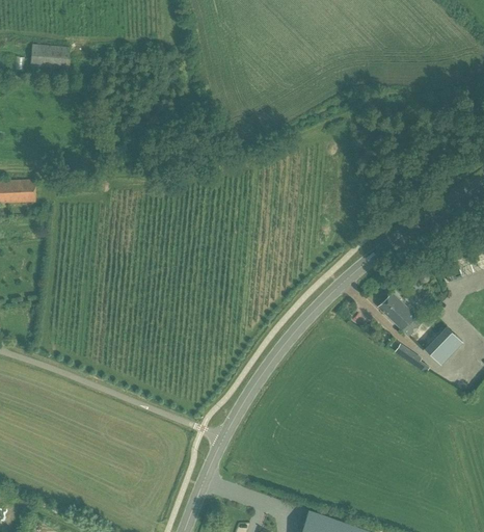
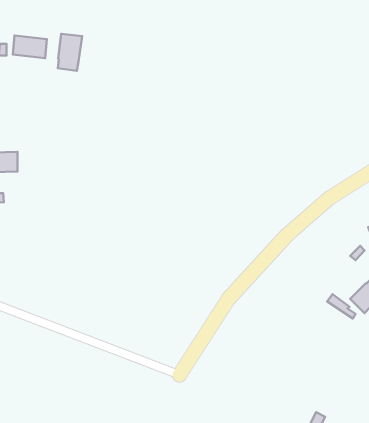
building: none -> [58,34,82,71]
building: [378,293,422,337] -> none

